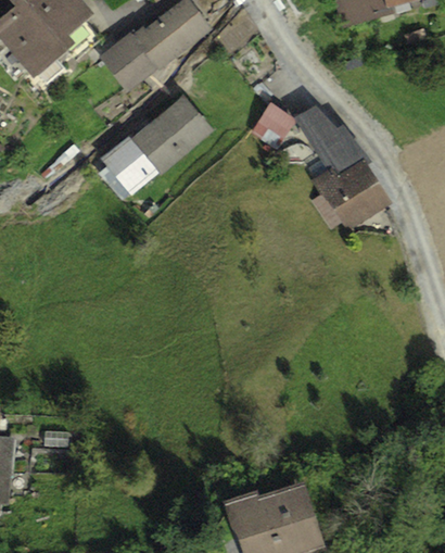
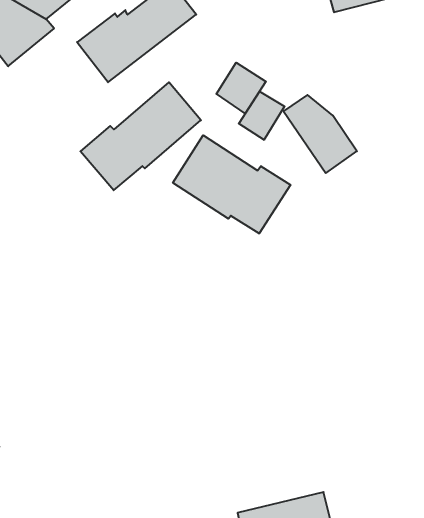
building: none -> [216,63,266,113]
building: none -> [173,135,290,234]
building: [317,159,390,231] -> none

